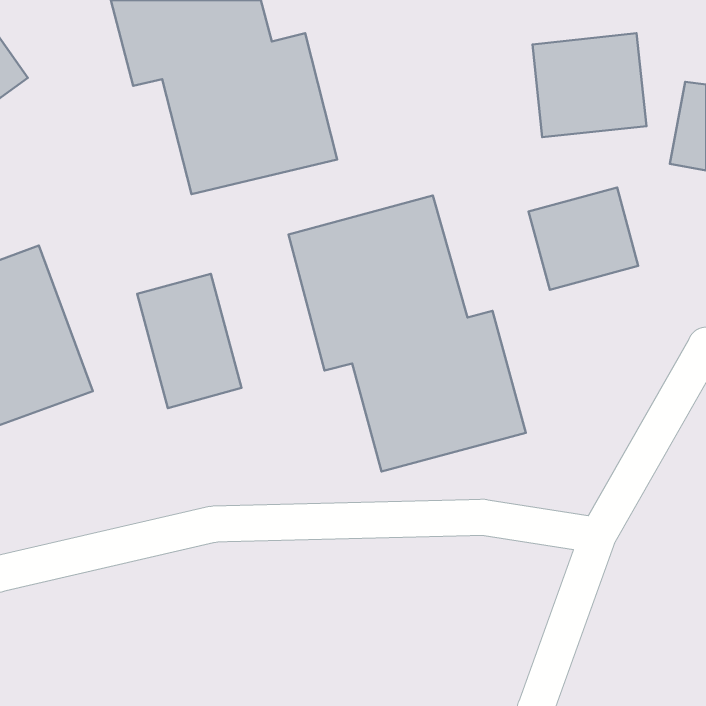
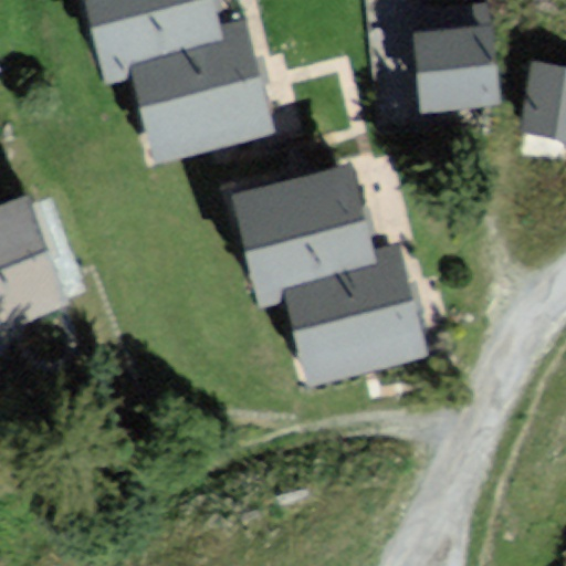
building: [529,187,638,290] -> none
building: [137,274,242,408] -> none

